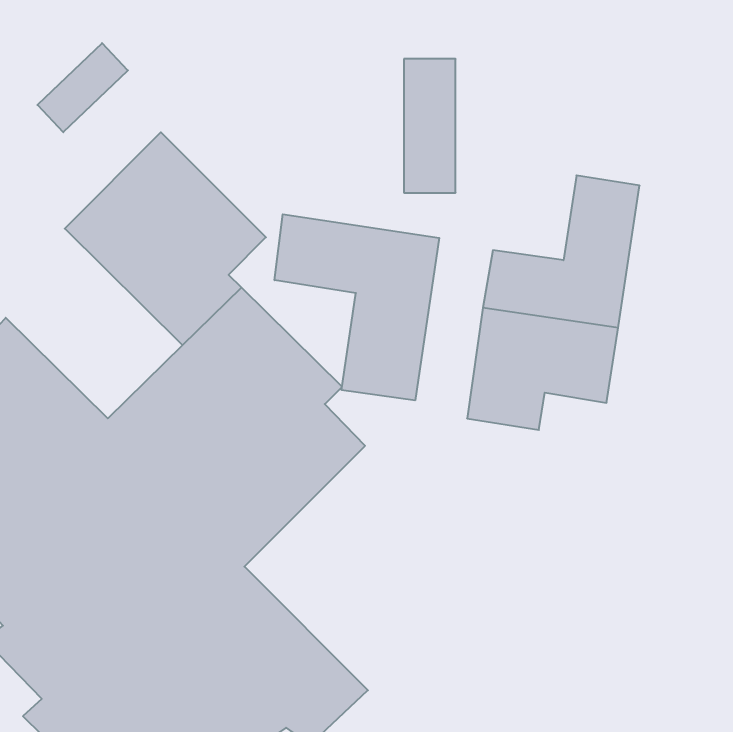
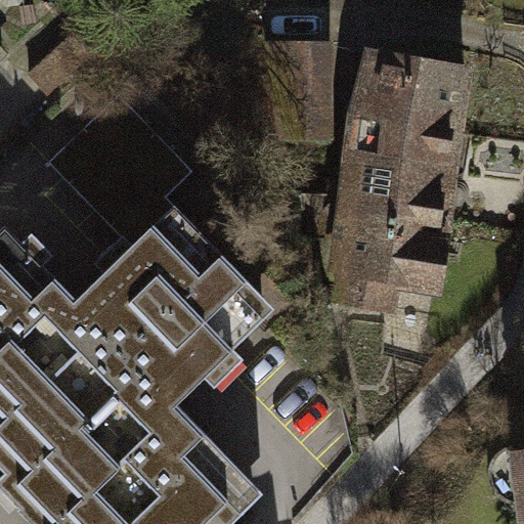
building: none -> [351,55,466,187]
building: [275,214,439,400] -> none

